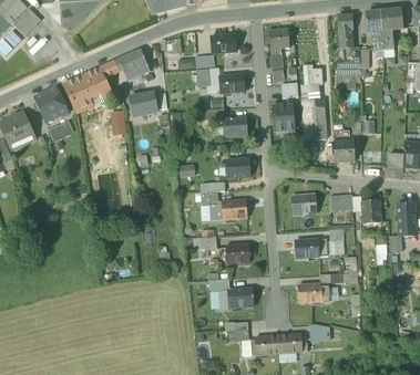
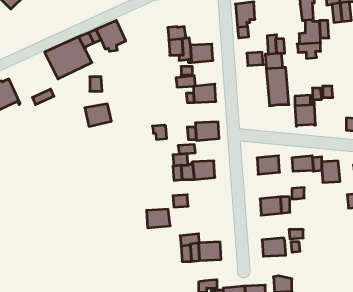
building: [211,32,236,53] -> none
building: [33,85,69,122] -> none
building: [129,91,157,115] -> [85,104,111,126]
building: [273,104,294,129] -> none
building: [225,243,250,263] -> [147,209,170,228]

